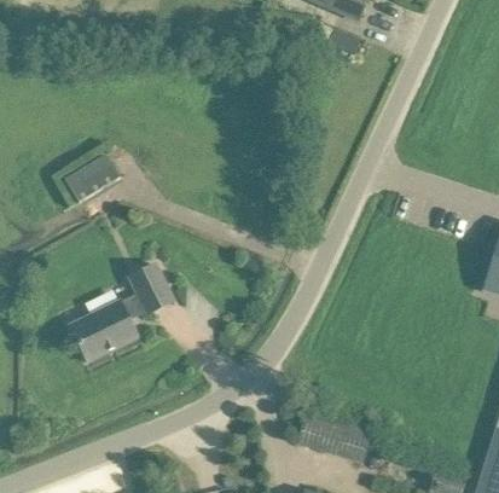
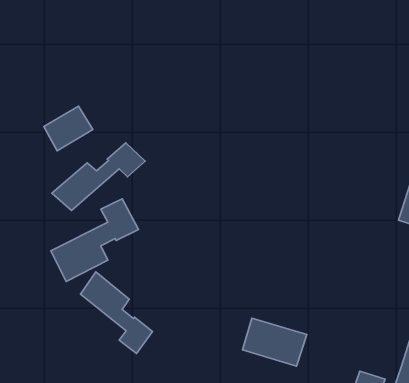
building: none -> [52,143,145,211]
building: none -> [81,272,152,354]

